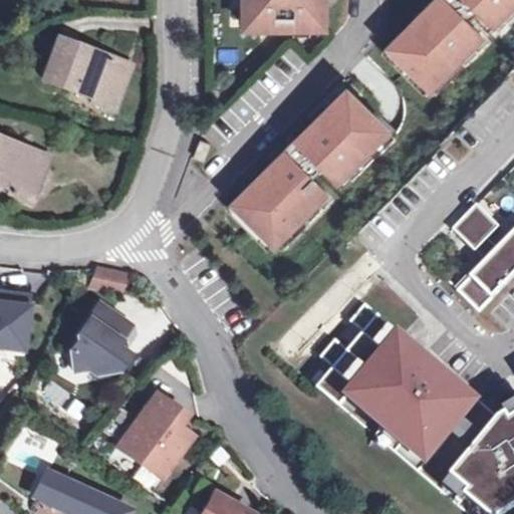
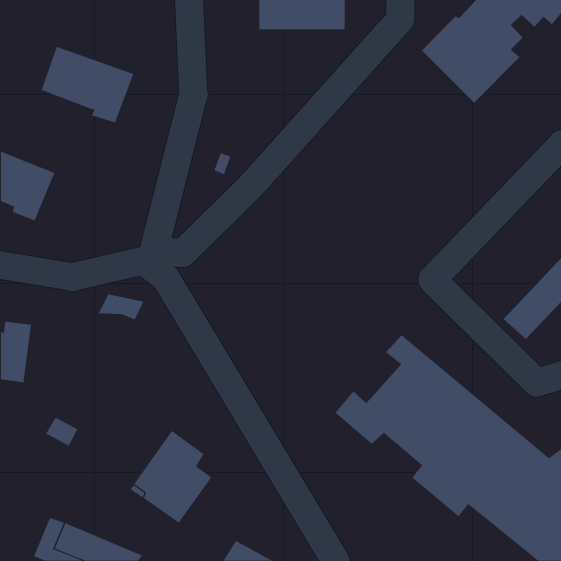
building: [233,85,394,248] -> none
building: [455,205,501,250] -> none
building: [73,303,131,371] -> none

